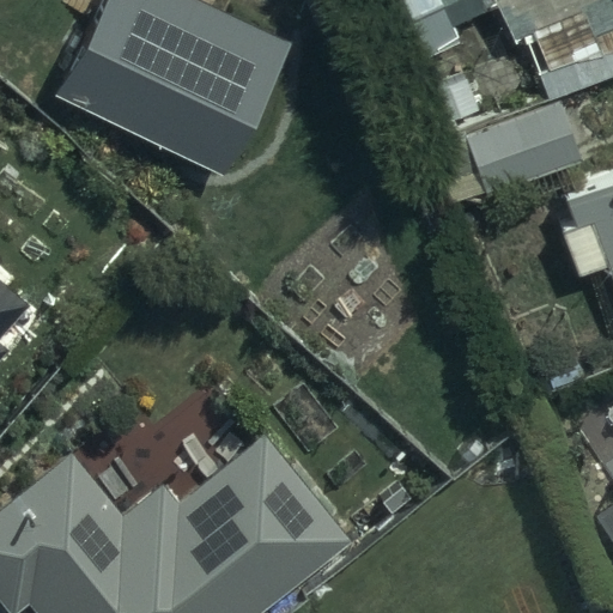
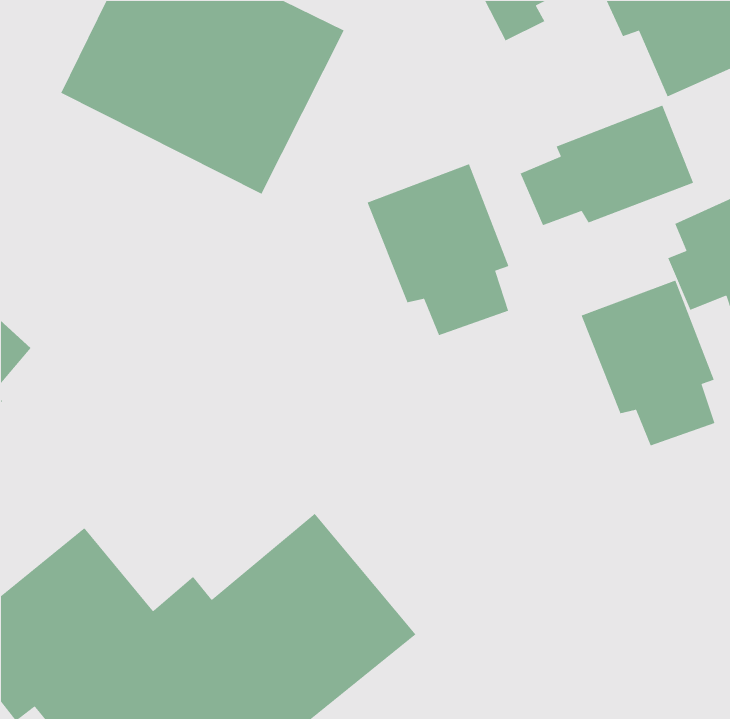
building: none -> [367,163,509,336]
building: none -> [581,279,715,446]

